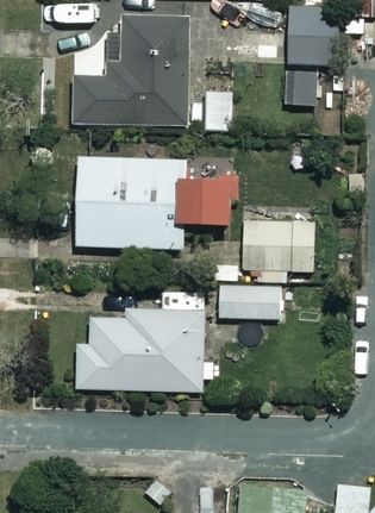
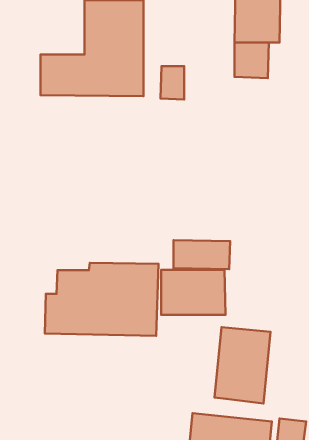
building: [76,157,233,250] -> none
building: [243,220,314,270] -> [161,270,226,315]
building: none -> [215,327,271,404]

